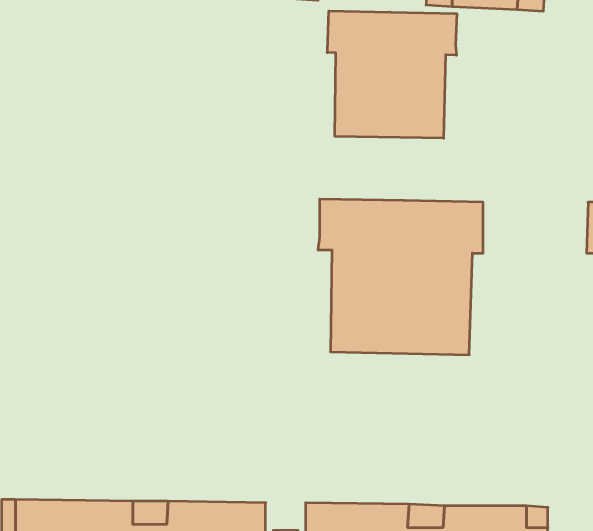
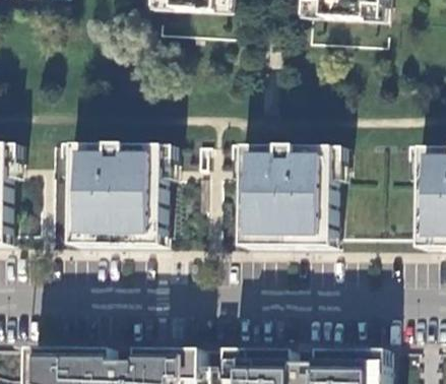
building: [327,11,457,138] -> none
building: none -> [62,145,171,248]

